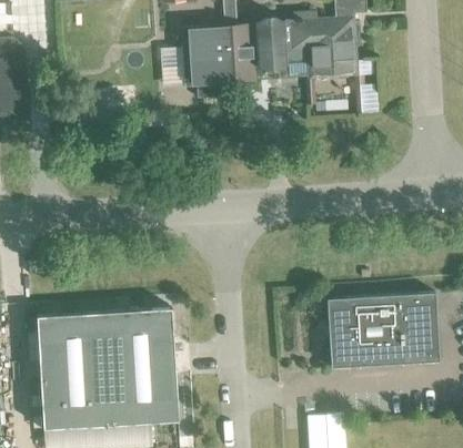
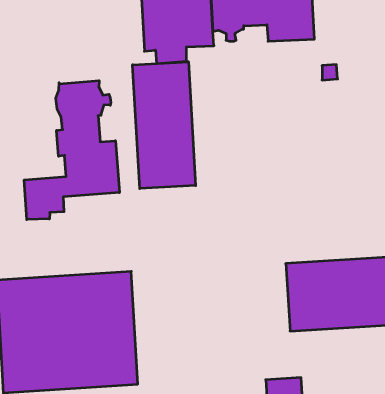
building: none -> [133,62,196,189]
building: none -> [24,81,119,220]

